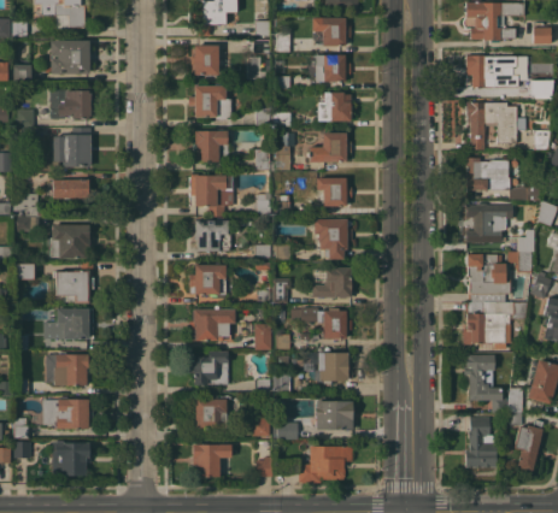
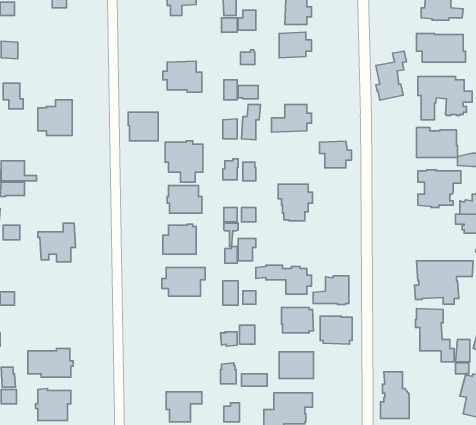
building: [51,41,89,73] -> none
building: [192,45,218,75] -> none
building: none -> [376,51,406,100]
building: [51,83,90,118] -> none
building: [318,92,352,122] -> none
building: [195,130,228,161] -> [128,112,158,141]
building: [317,177,352,206] -> [319,141,352,168]
building: [53,179,89,199] -> none
building: [42,225,93,261] -> none
building: [466,254,510,302] -> none
building: [312,267,351,299] -> [313,276,349,305]
building: [42,308,90,338] -> none
building: [46,352,90,385] -> none
building: [188,352,228,385] -> none
building: none -> [320,316,352,344]
building: [195,396,231,429] -> none
building: [465,417,497,467] -> [380,372,409,419]

